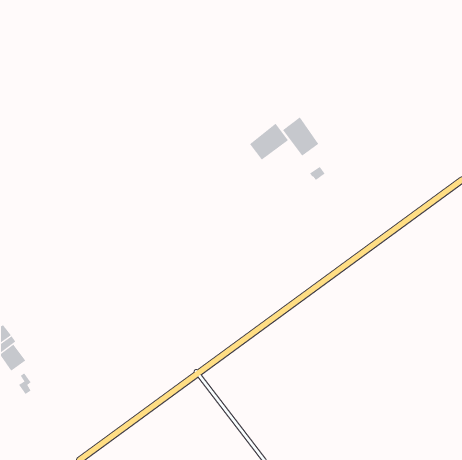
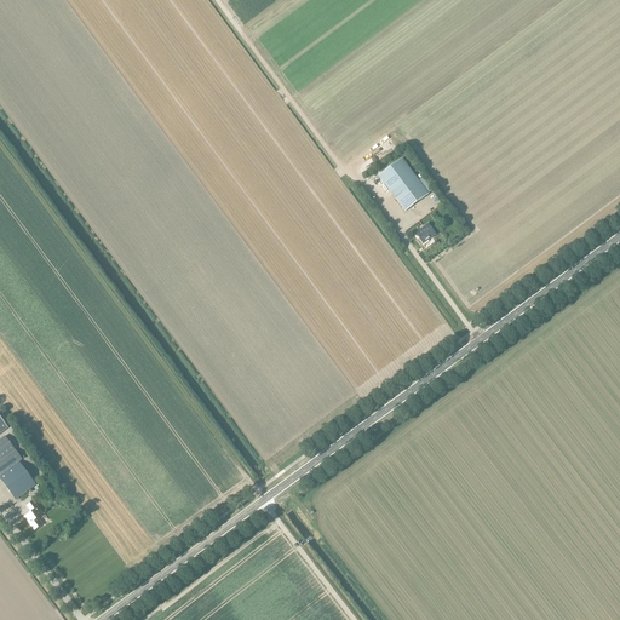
building: [249,123,289,161] -> none

